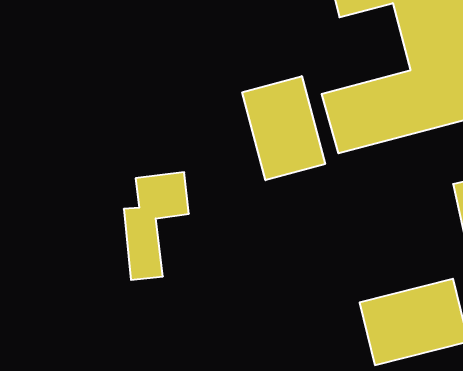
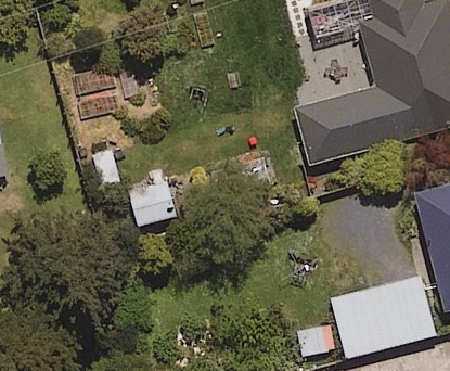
building: [242,76,325,180] -> none

